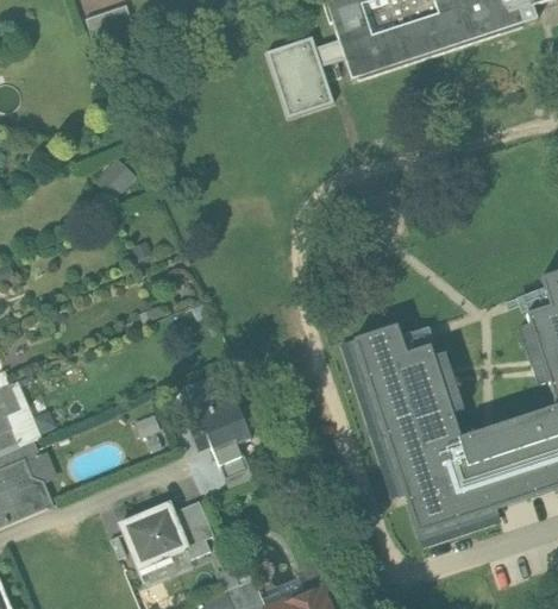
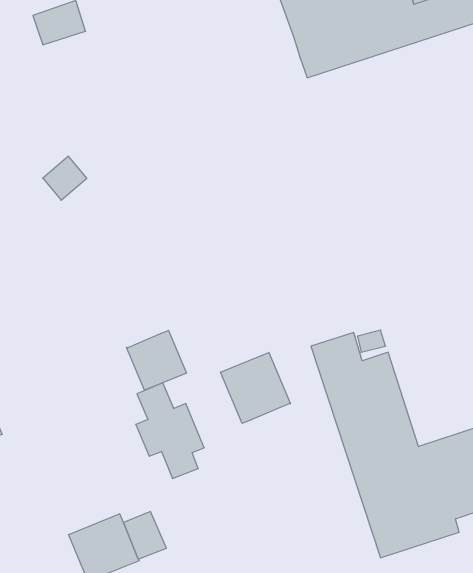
building: [267,37,344,115] -> none
building: none -> [127,330,186,390]
building: none -> [221,352,291,423]

